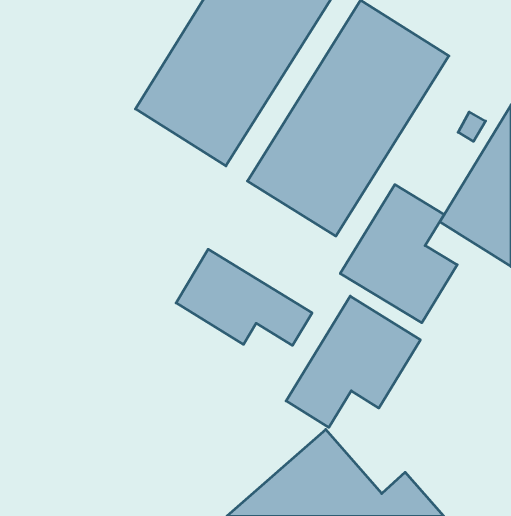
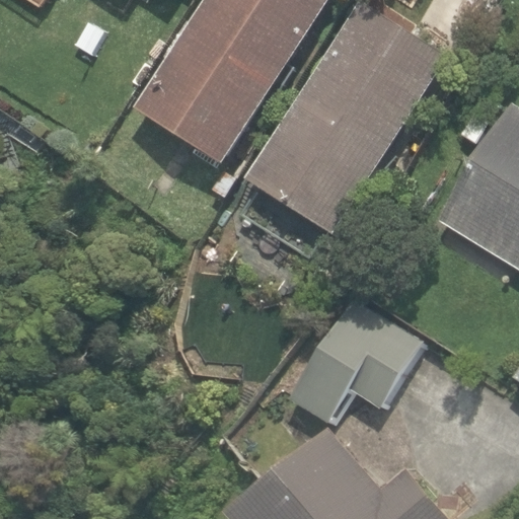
building: [340,185,457,323] -> none
building: [176,249,312,345] -> none

